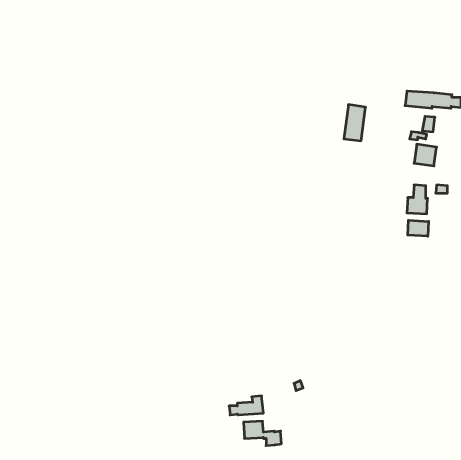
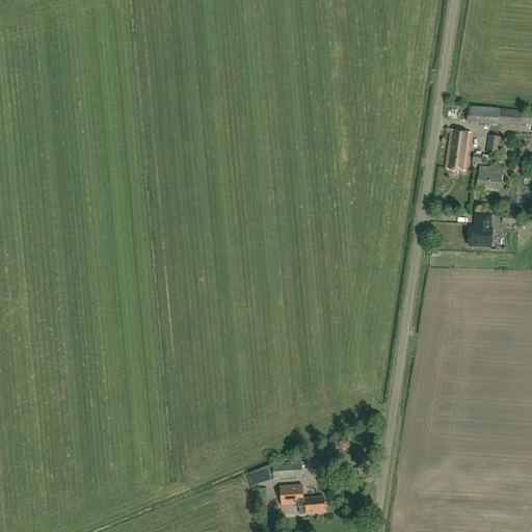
building: [344,105,366,141] -> [446,129,471,170]
building: [408,220,429,236] -> none

